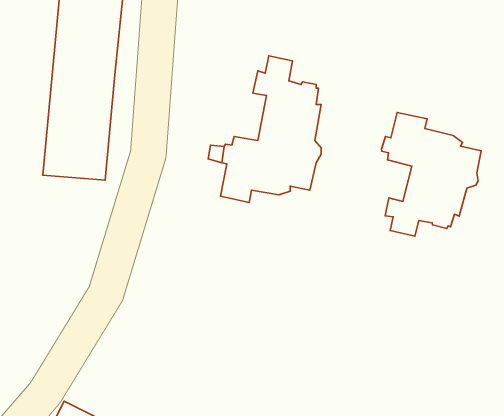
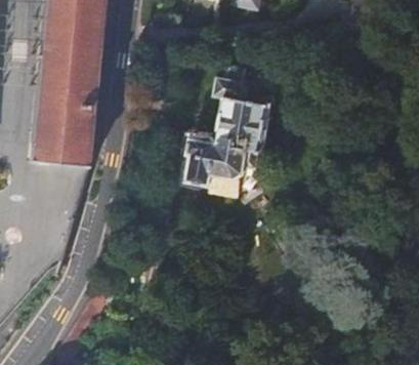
building: [382,112,481,236] -> none

